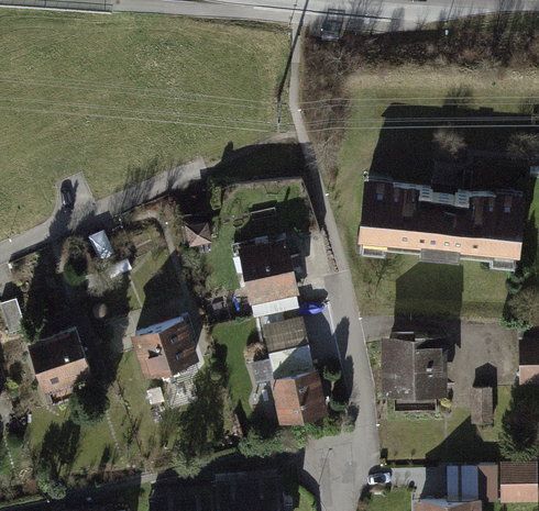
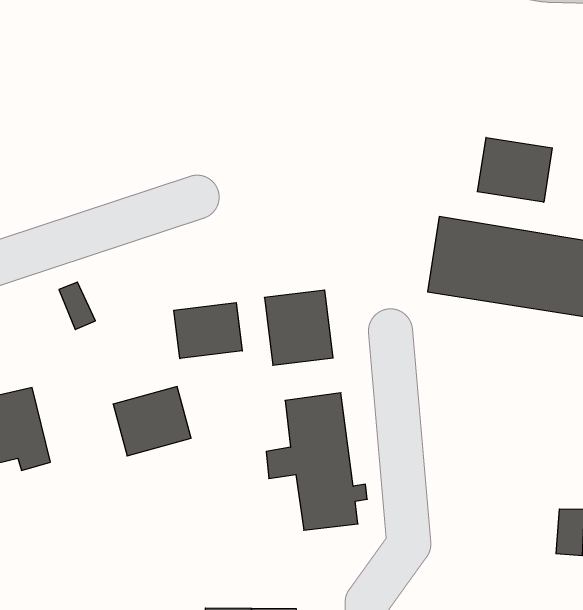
building: none -> [477,137,552,202]
building: none -> [174,303,242,359]
building: [386,342,442,397] -> none

